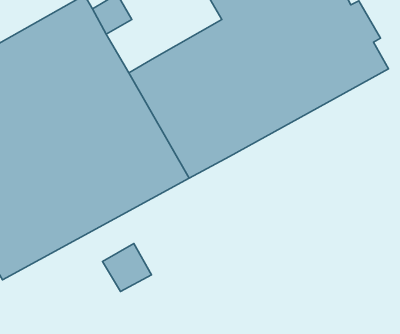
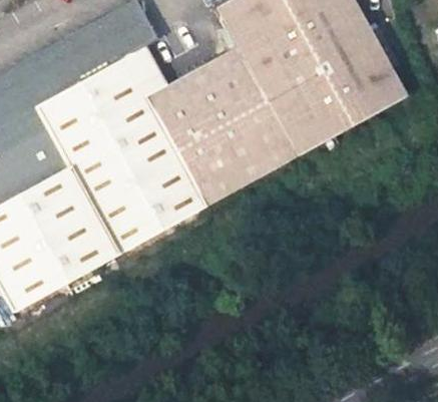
building: none -> [121,45,170,99]
building: [102,244,152,292] -> none

